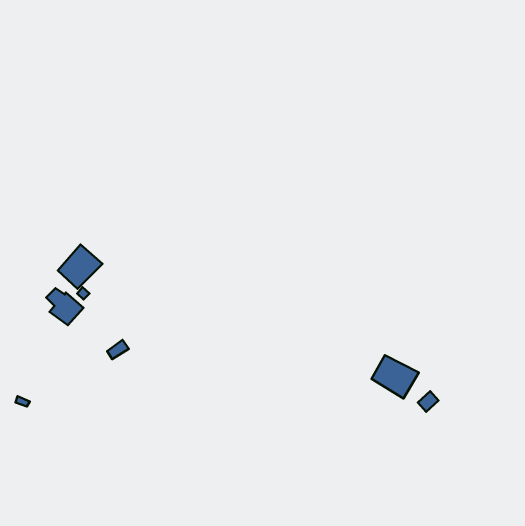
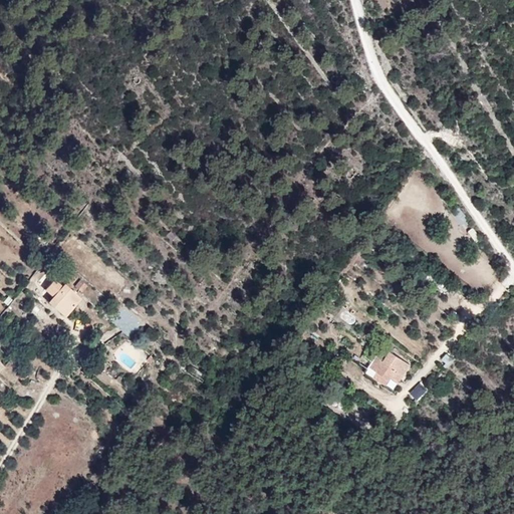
building: [58,244,103,289] -> none

